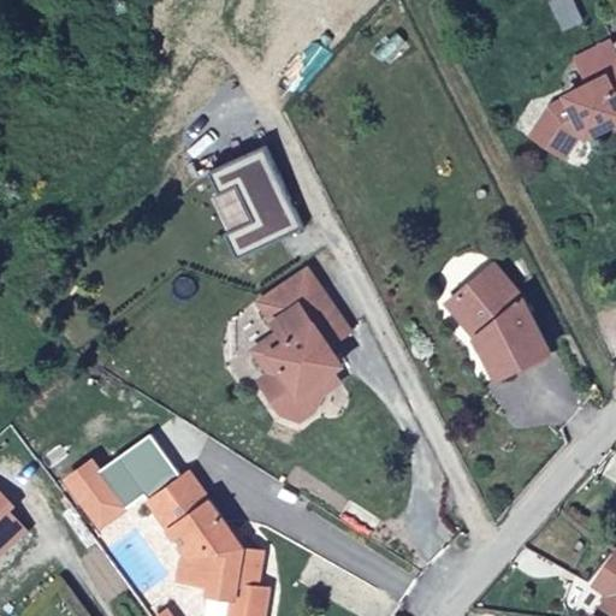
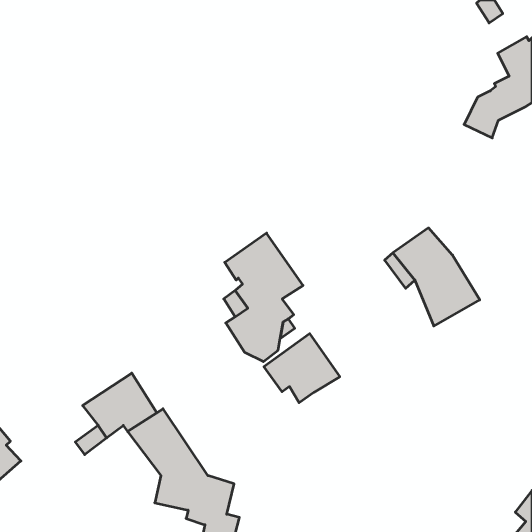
building: [206,144,301,257] -> none
building: none -> [264,334,340,403]
building: [63,461,113,511] -> none

